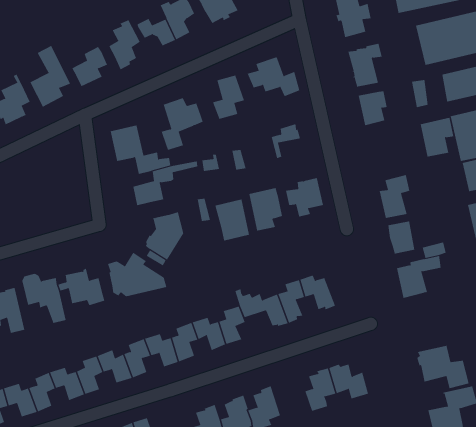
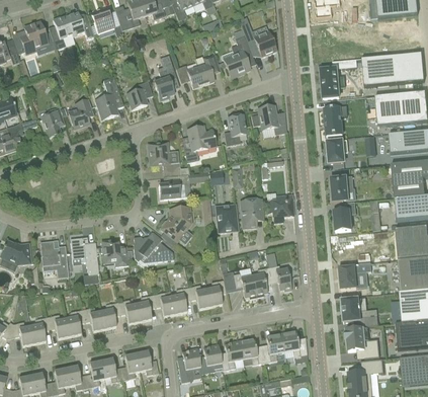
building: [420,117,454,157] -> [330,175,353,202]
building: none -> [341,298,377,326]
building: none -> [238,338,264,365]

